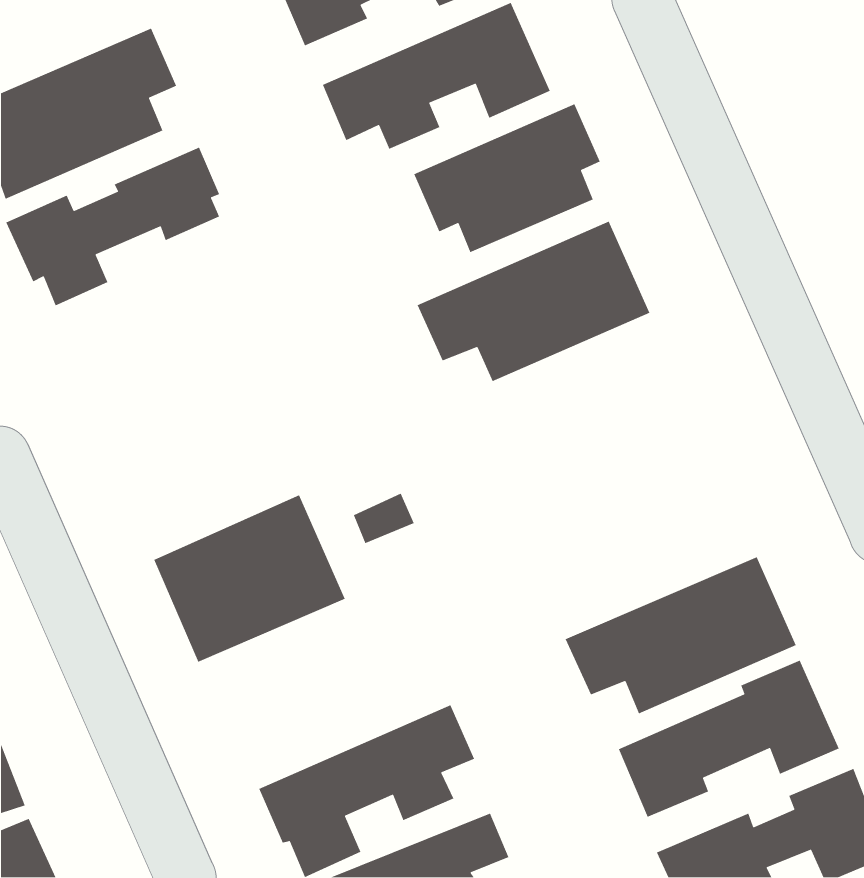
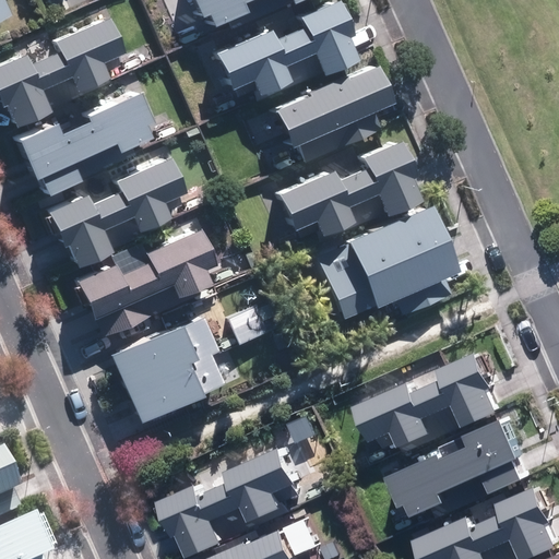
building: none -> [46,157,185,266]
building: none -> [317,204,456,319]
building: none -> [74,227,223,340]

